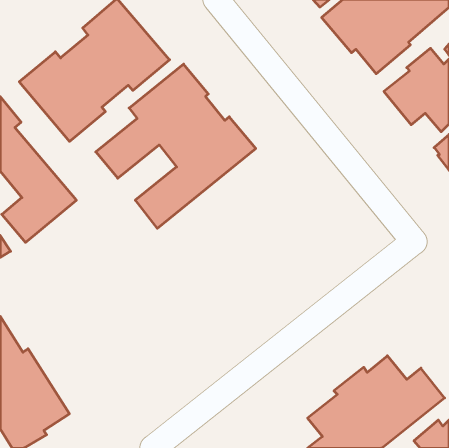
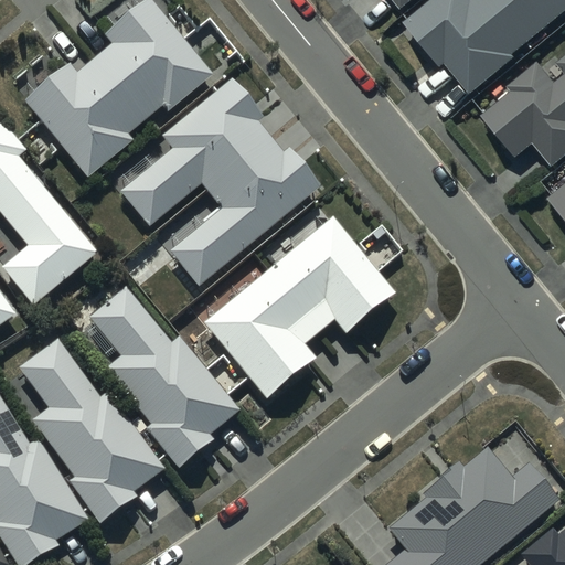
building: none -> [200,214,395,403]
building: none -> [86,286,238,469]
building: none -> [19,337,163,523]

